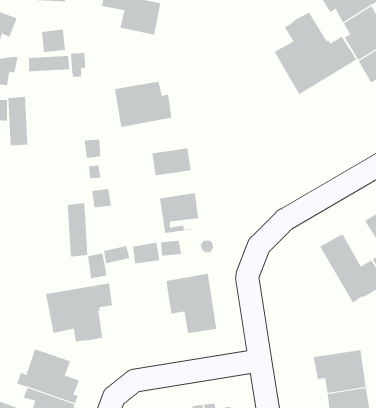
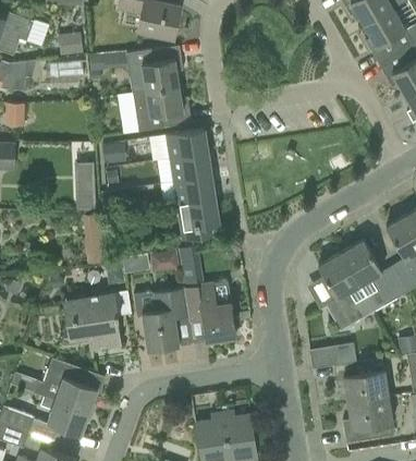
building: [274,12,357,95] -> none
building: none -> [126,47,182,93]
building: [8,97,28,146] -> [74,156,95,206]
building: none -> [167,129,207,158]
building: none -> [173,175,213,204]
building: none -> [318,253,374,330]
building: none -> [133,288,188,350]
building: none -> [309,344,355,368]

